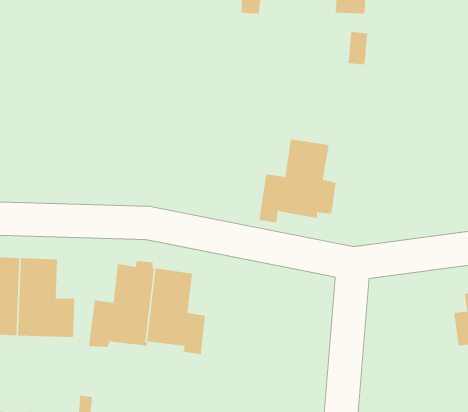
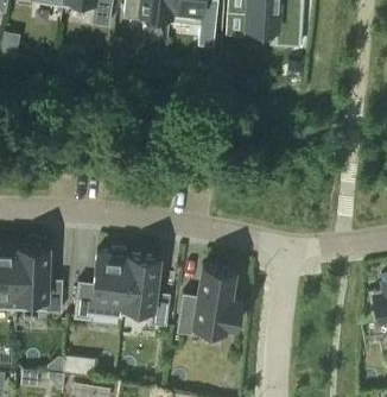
building: [258,139,337,223] -> [177,265,241,334]

